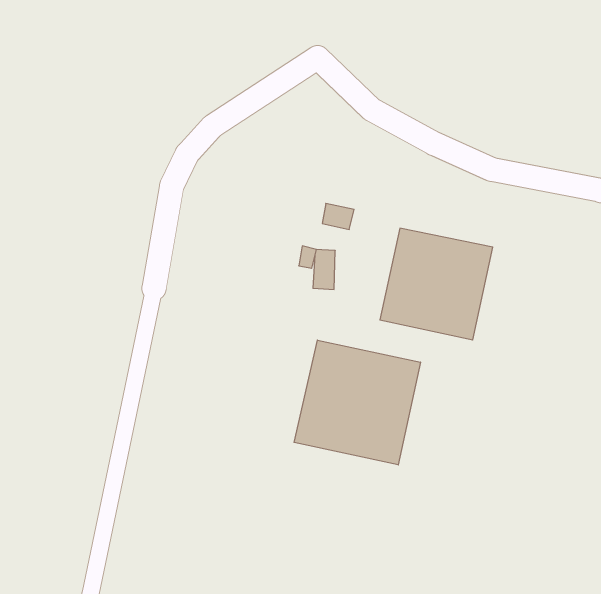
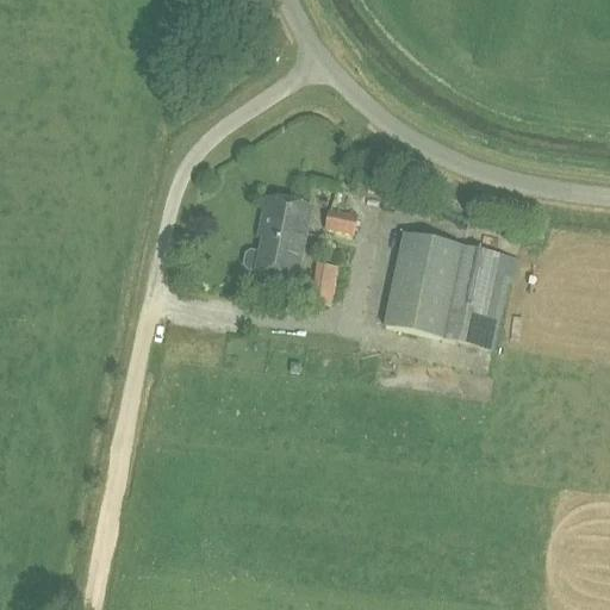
building: none -> [243,194,311,276]
building: [294,340,420,465] -> none

